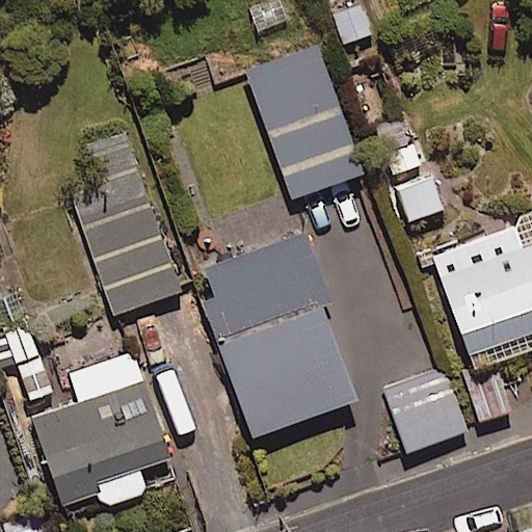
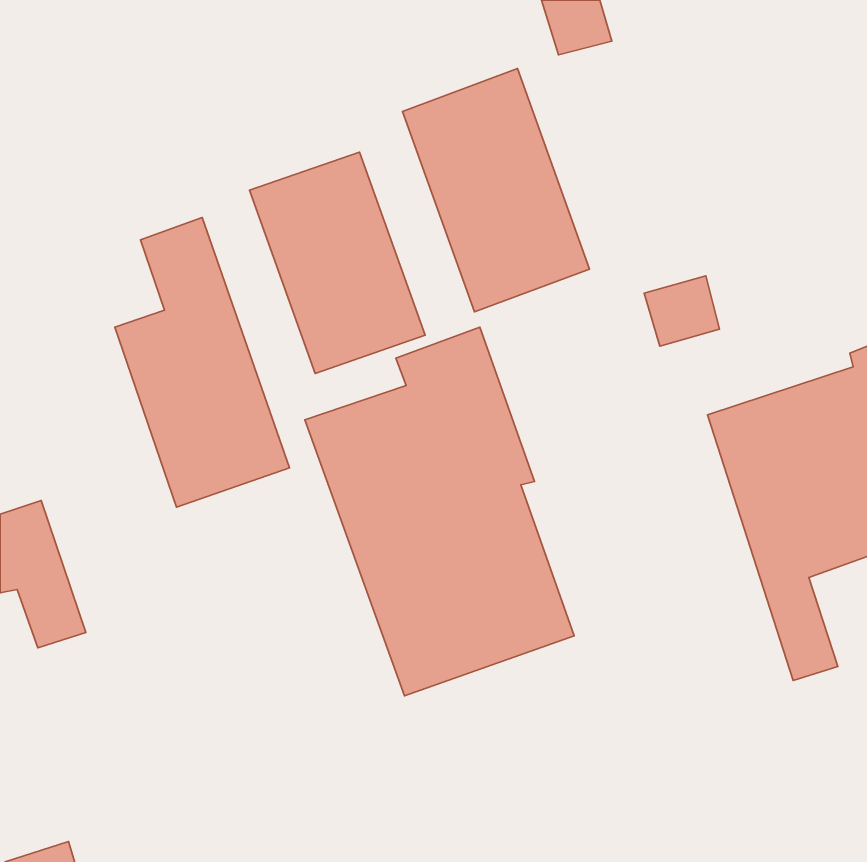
building: none -> [249,152,425,373]
building: [30,356,168,504] -> none
building: [385,374,470,457] -> none

